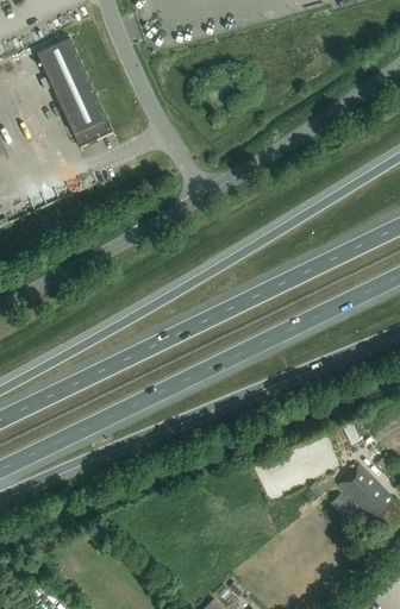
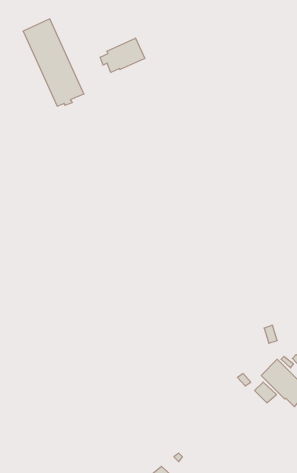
building: none -> [100,38,145,72]

